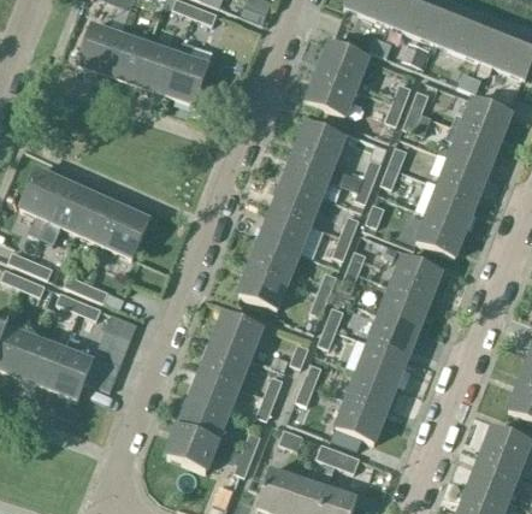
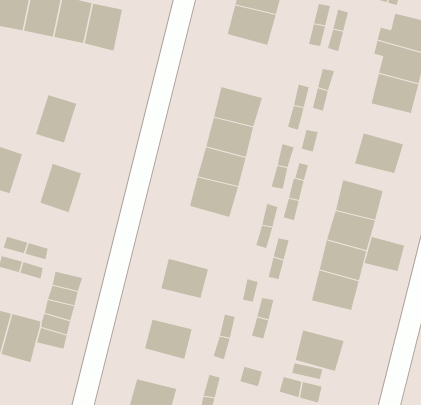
building: [294,122,344,166] -> none
building: [427,184,477,228] -> none
building: [76,194,120,243] -> [35,95,77,143]
building: [238,264,288,308] -> none
building: none -> [364,236,405,272]
building: [200,341,250,384] -> none
building: [345,370,396,413] -> none
building: [178,397,227,441] -> none

